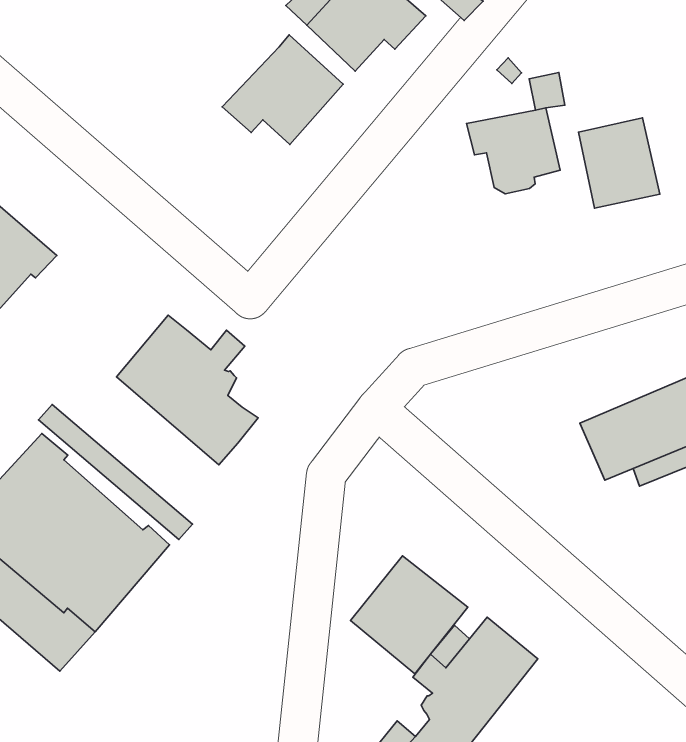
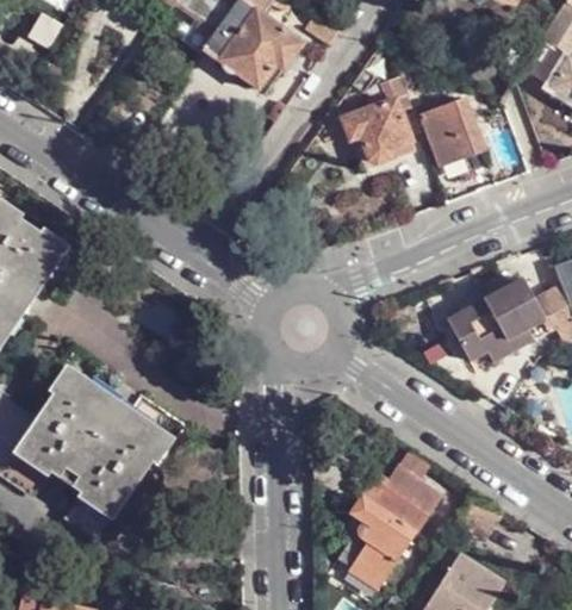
building: [222,35,343,145] -> none
building: [117,315,258,465] -> none
building: [351,556,468,674] -> none

